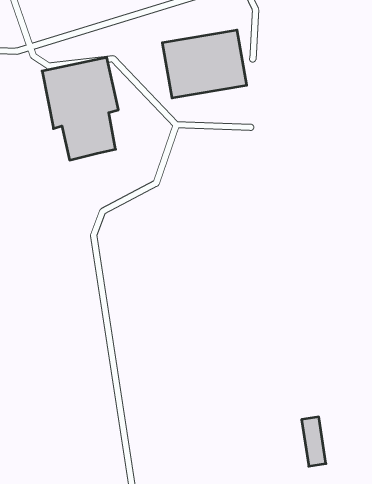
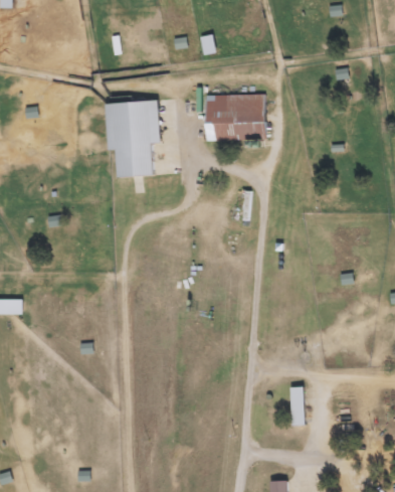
building: [302,417,326,466] -> [289,386,304,425]

